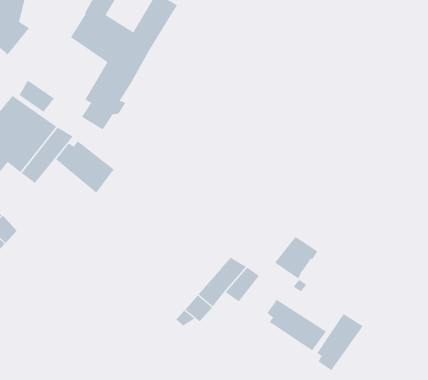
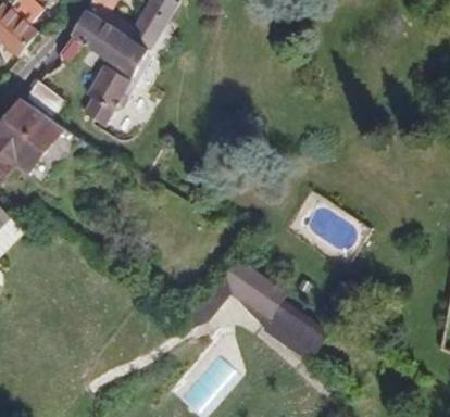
building: [55,140,114,193] -> none
building: [274,236,318,279] -> [240,275,284,317]
building: [316,313,363,371] -> none

